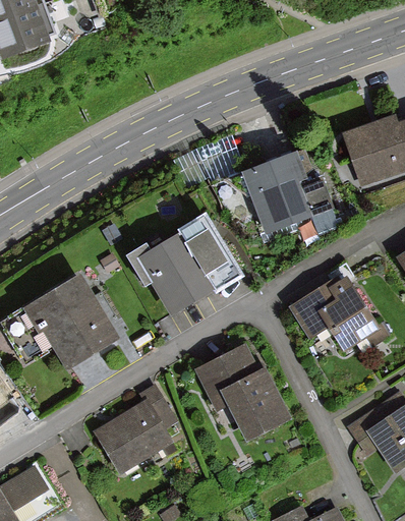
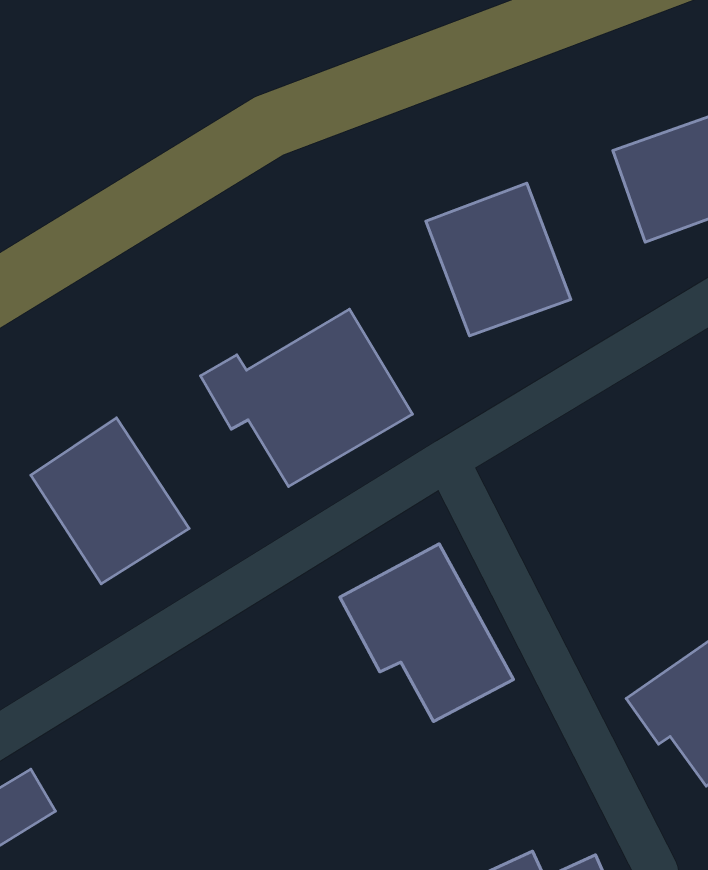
building: [292,275,379,346] -> none
building: [95,386,174,473] -> none

